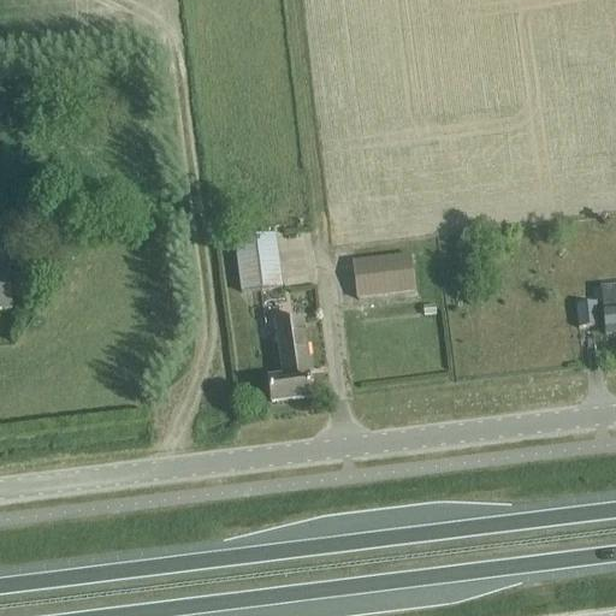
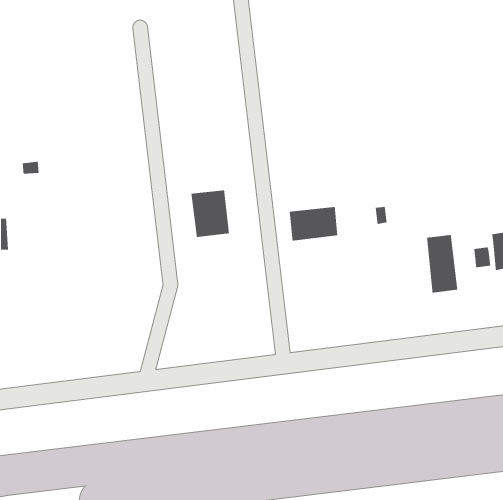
building: none -> [426,234,458,293]
building: [270,316,309,401] -> none

